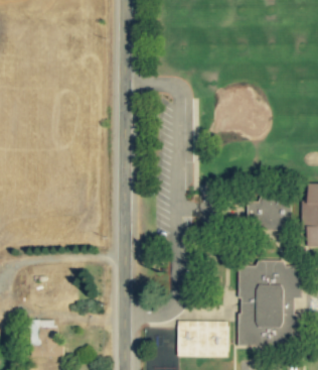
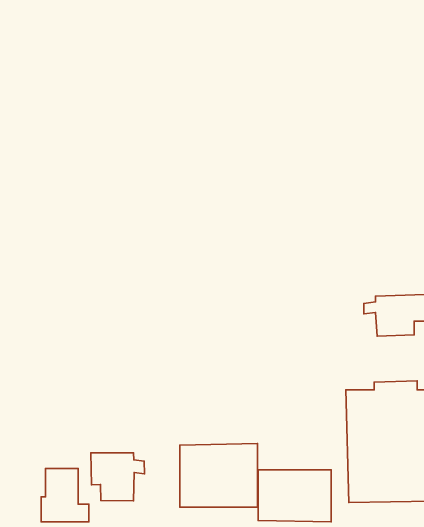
building: none -> [180,443,258,507]
building: none -> [91,453,144,501]

